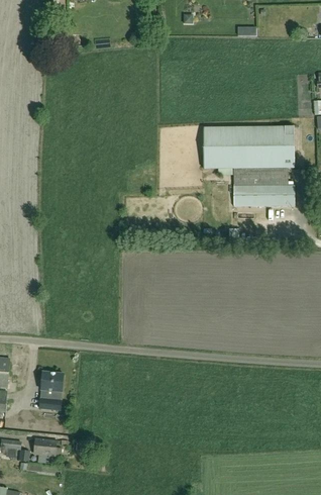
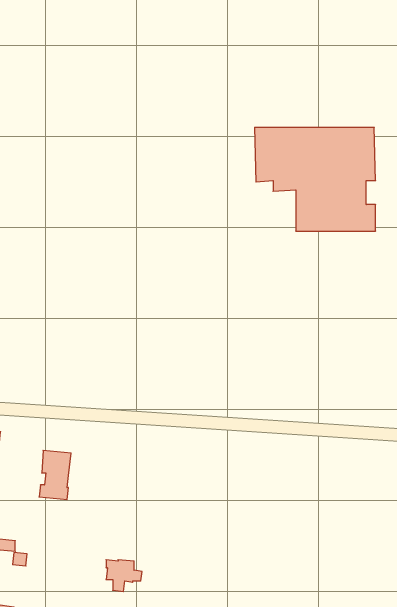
building: [35,438,63,463] -> [106,560,142,592]

